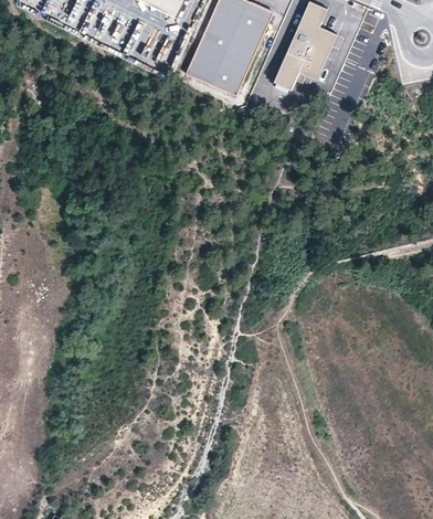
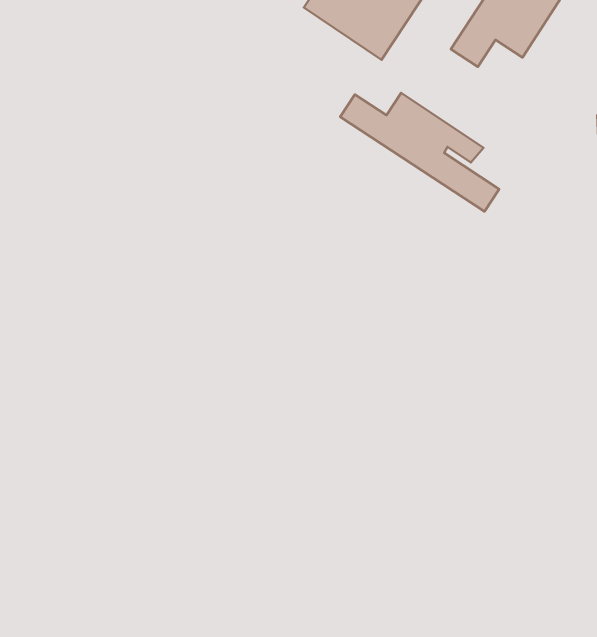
building: none -> [340,93,499,211]

